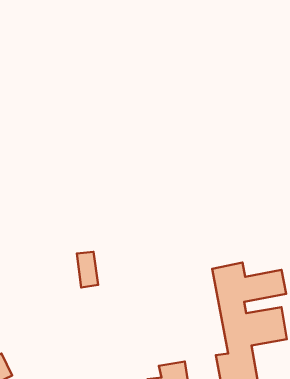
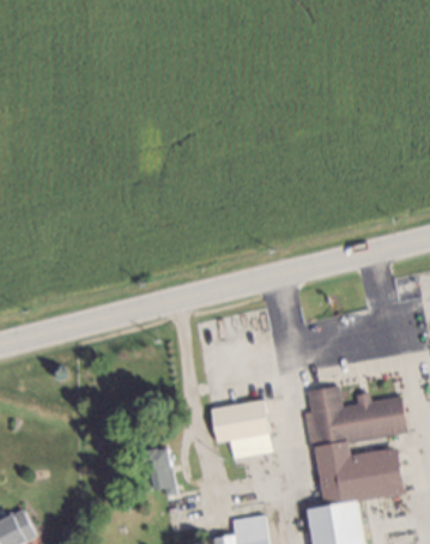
building: [77,252,98,287] -> [147,451,176,498]
building: none -> [210,400,271,458]

